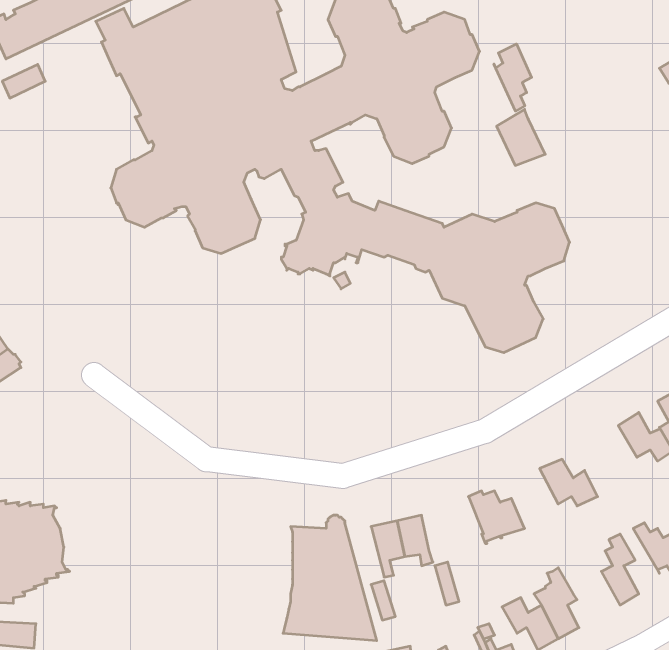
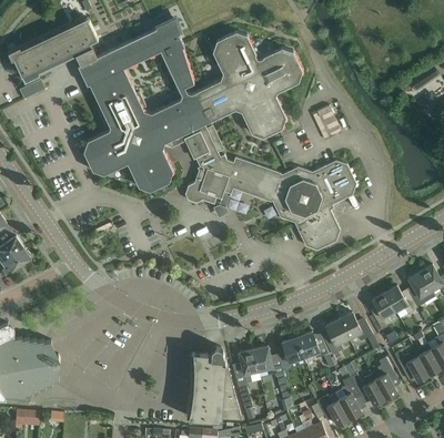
building: [494,44,532,111] -> none
building: none -> [372,293,395,328]
building: none -> [324,318,349,355]
building: none -> [276,335,304,371]
building: none -> [349,373,385,406]

